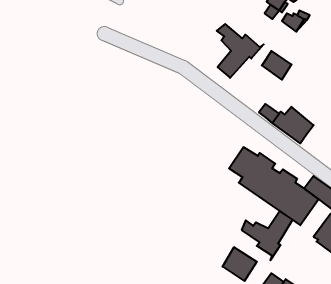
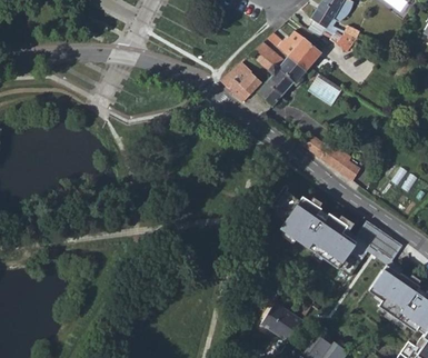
building: none -> [268,31,320,71]
building: none -> [220,63,261,103]
building: [242,211,293,260] -> none

